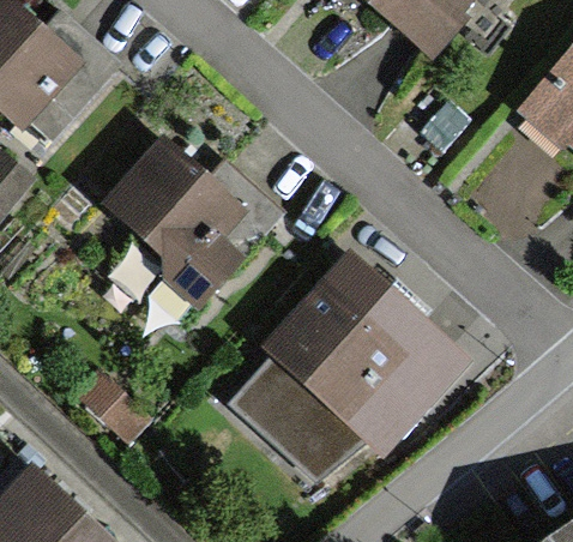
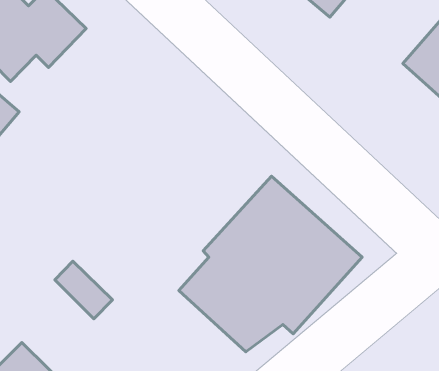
building: [104,133,286,309] -> none

